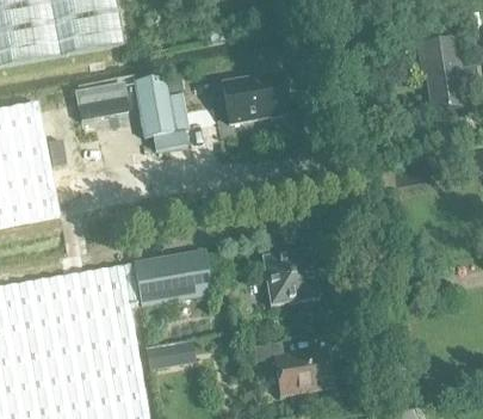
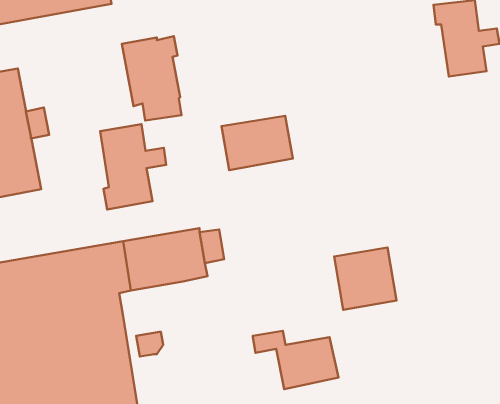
building: [222,73,287,123] -> [221,116,293,170]
building: [74,84,128,119] -> none
building: none -> [100,124,166,210]
building: [260,248,317,306] -> [334,247,396,310]

